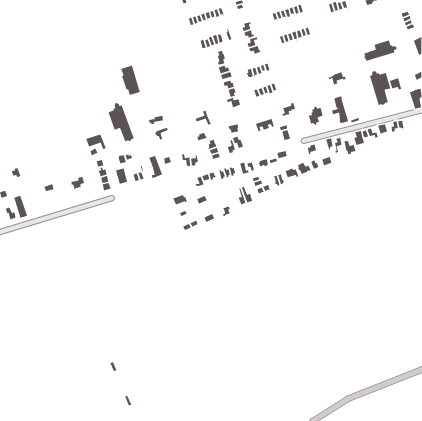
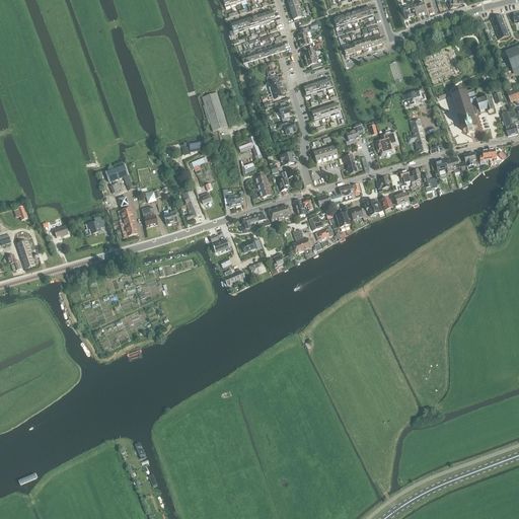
building: [363,39,398,62] -> none
building: [120,64,141,96] -> [201,90,226,129]
building: [107,102,135,142] -> none

